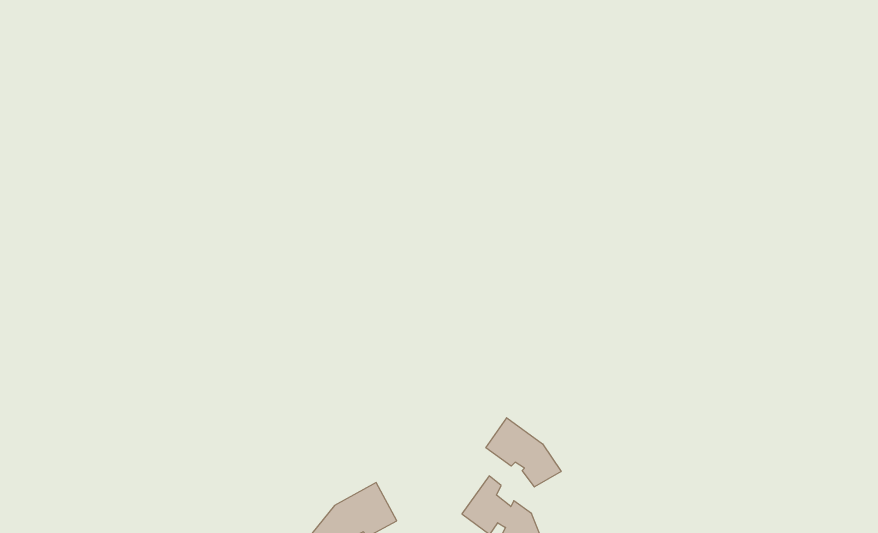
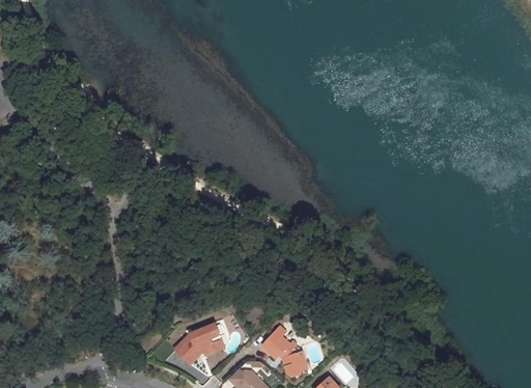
building: [486,418,561,487] -> none

